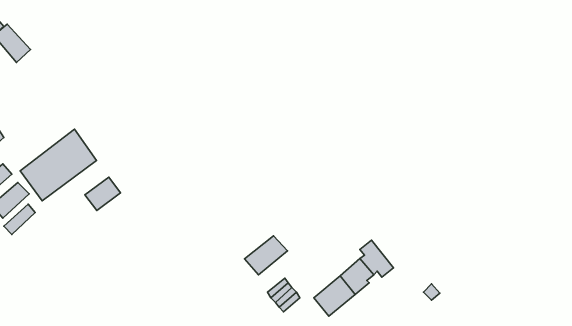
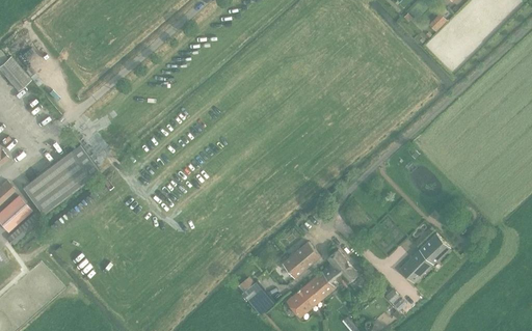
building: [85,177,121,210] -> none
building: none -> [398,233,448,283]
building: [245,236,287,275] -> [281,242,319,277]

